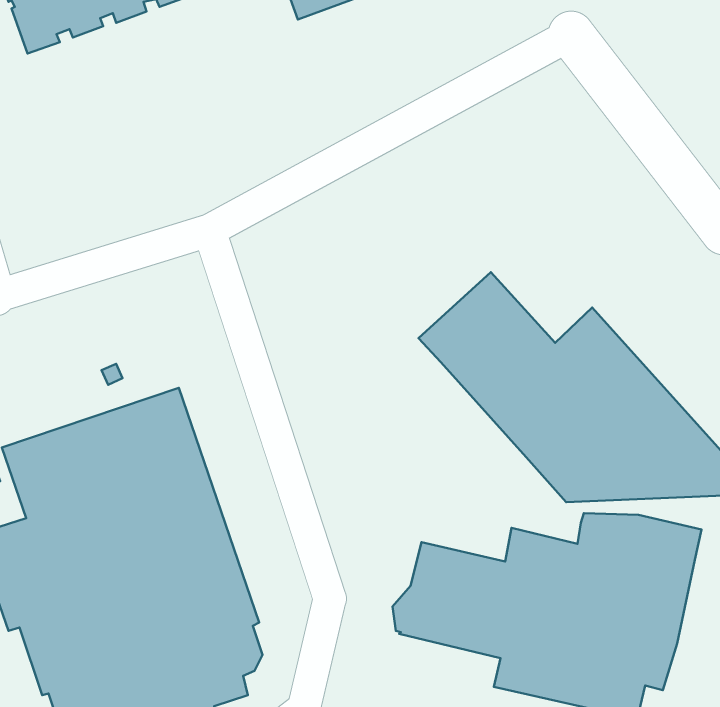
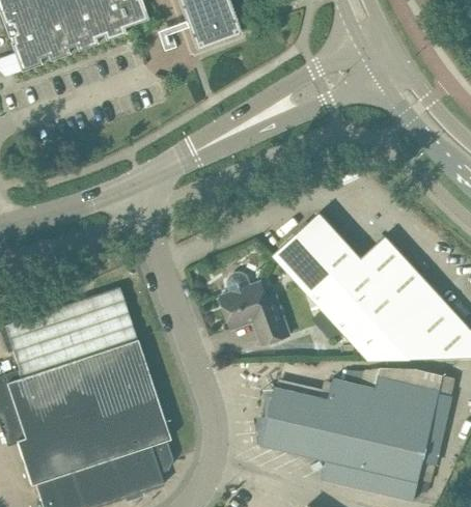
building: none -> [220,272,289,342]

